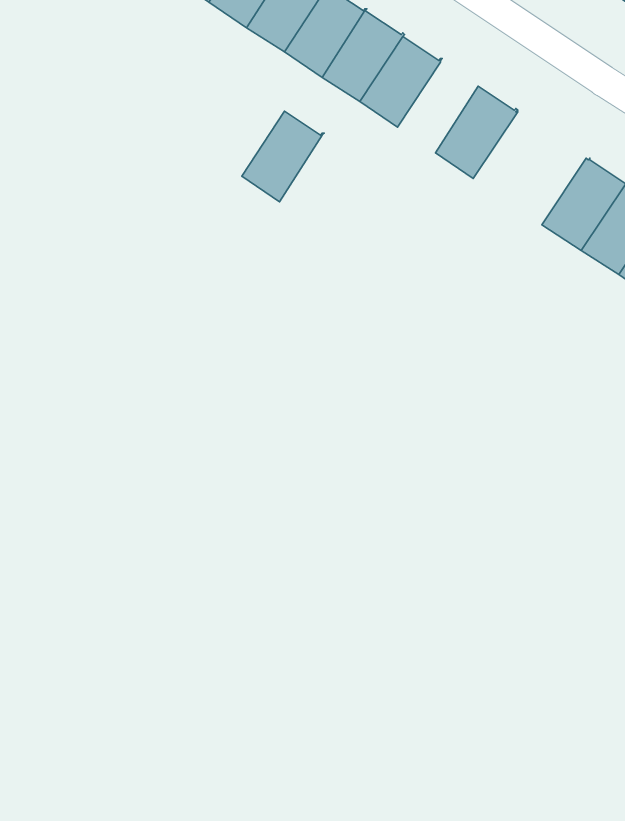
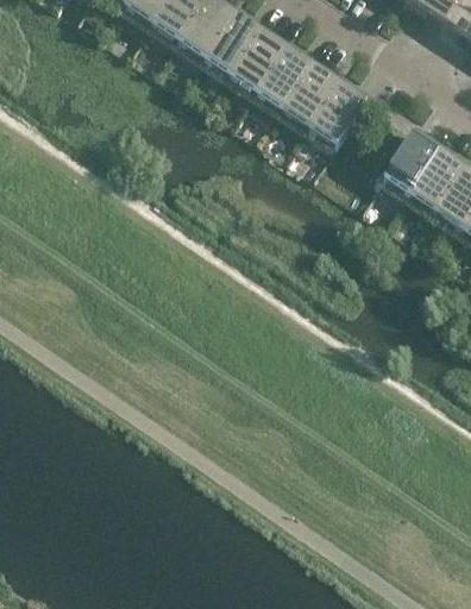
building: [242,111,324,202] -> [283,64,340,127]

